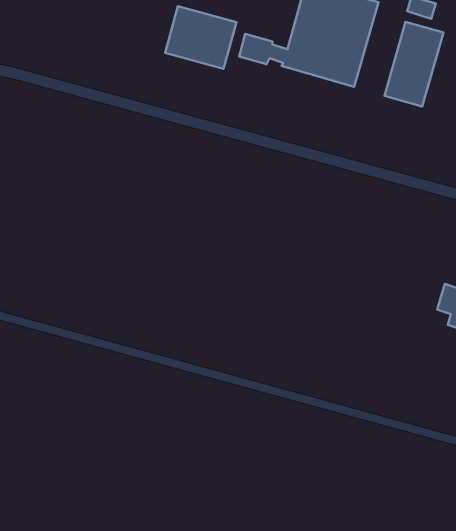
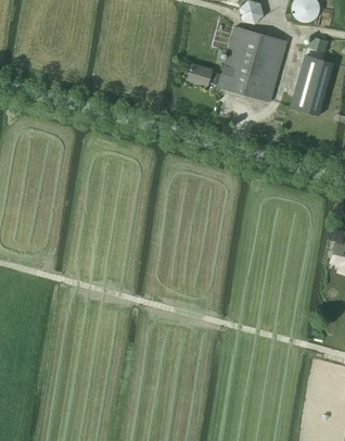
building: [165,6,236,69] -> none

